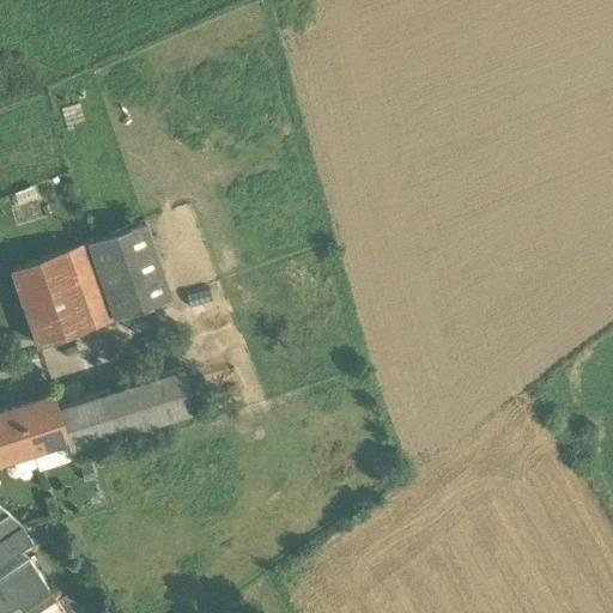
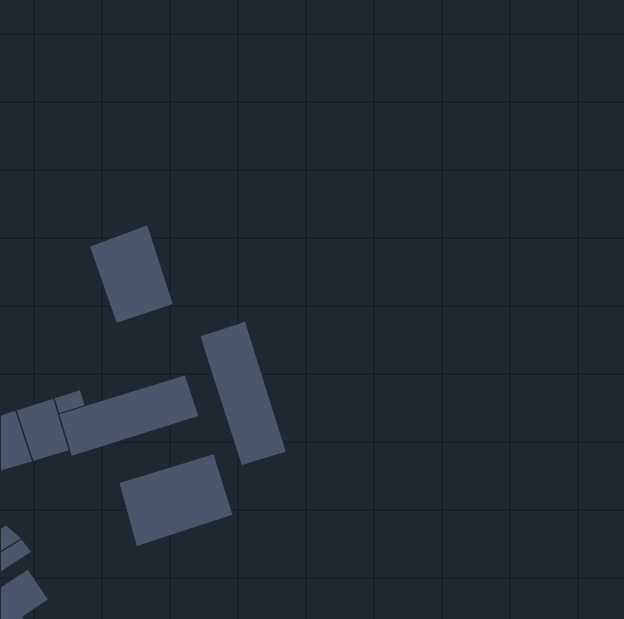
building: [12,245,114,350] -> none
building: none -> [200,320,287,466]
building: none -> [119,453,233,547]

